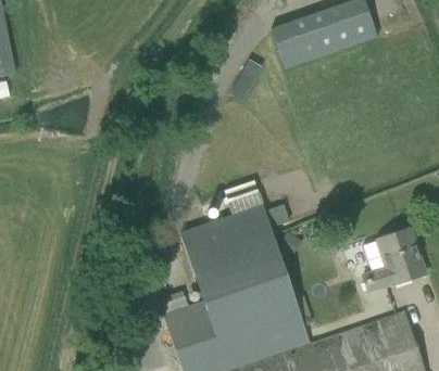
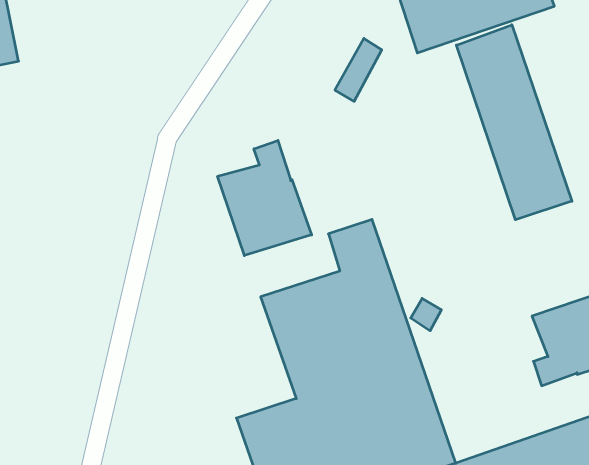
building: none -> [456,25,572,220]
building: none -> [218,140,312,256]

